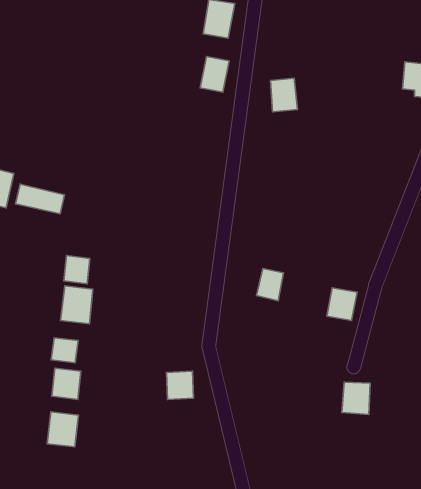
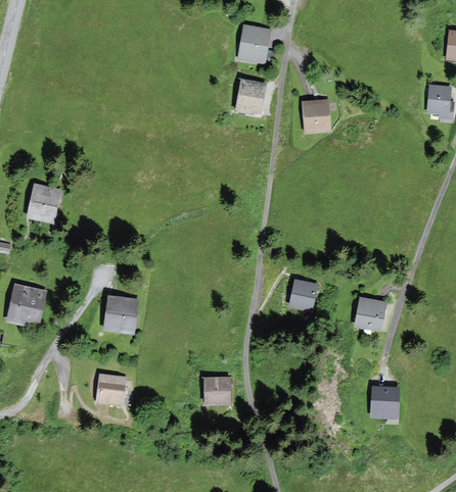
building: [15,184,64,214] -> none
building: [64,256,90,284] -> none
building: [51,338,78,363] -> none
building: [47,412,78,447] -> none

